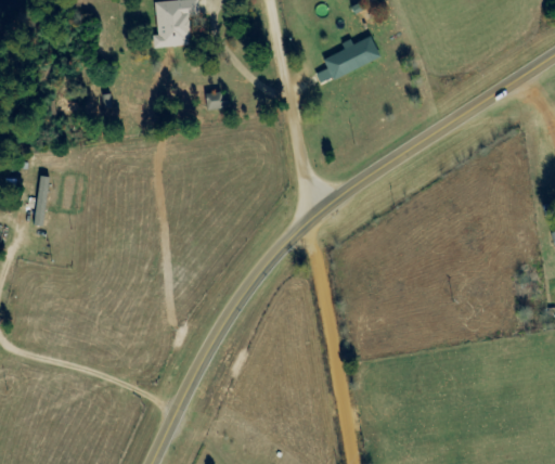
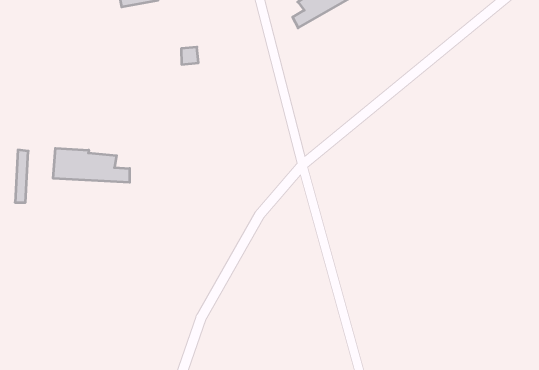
building: none -> [53,148,130,182]

